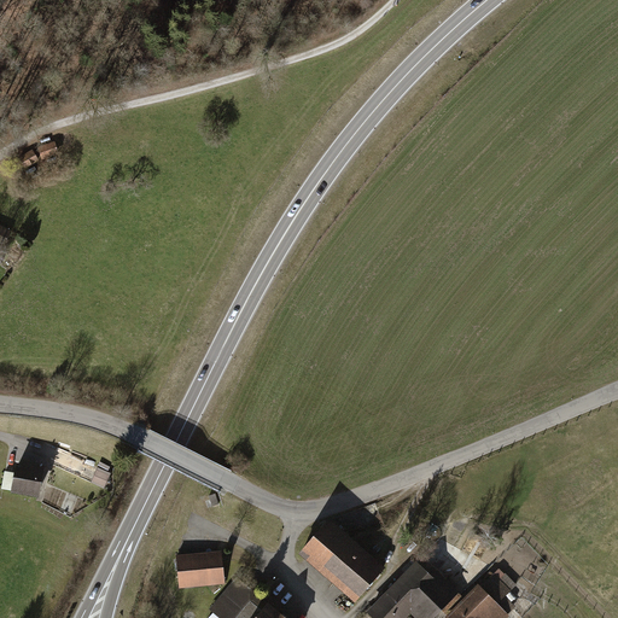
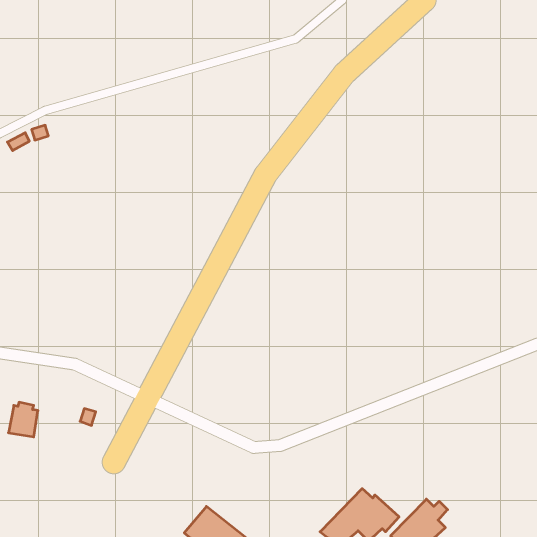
building: [302,525,381,601] -> none
building: [175,552,223,589] -> none

